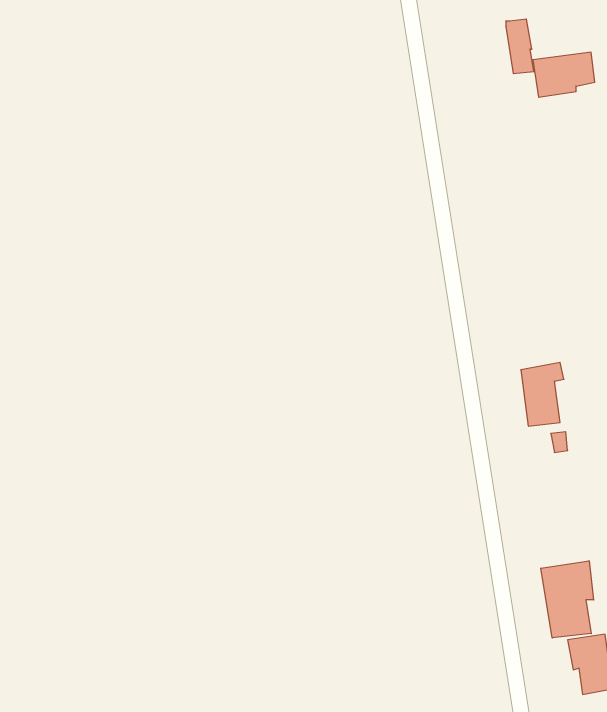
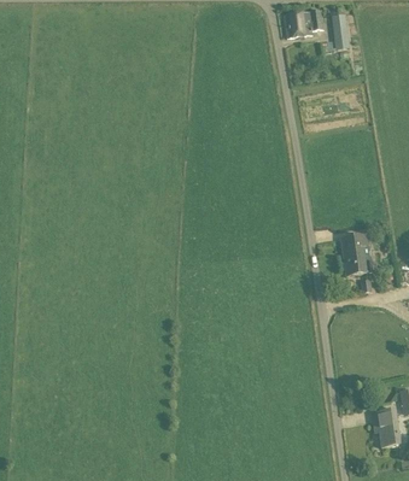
building: [533,52,595,97] -> [282,8,322,37]
building: [541,561,594,638] -> none

